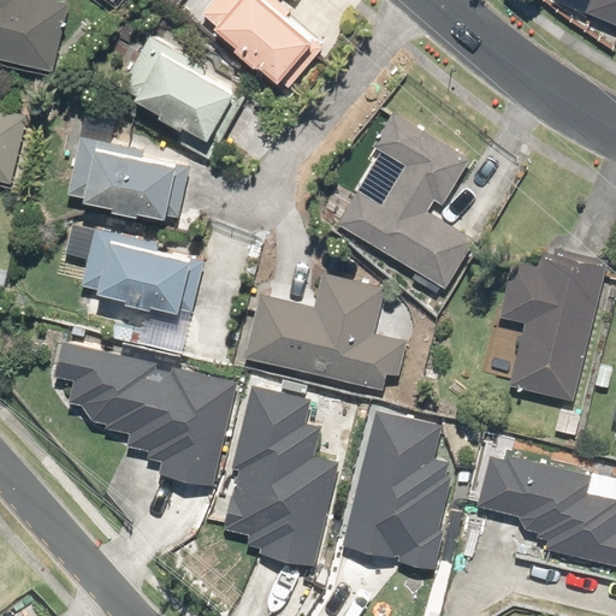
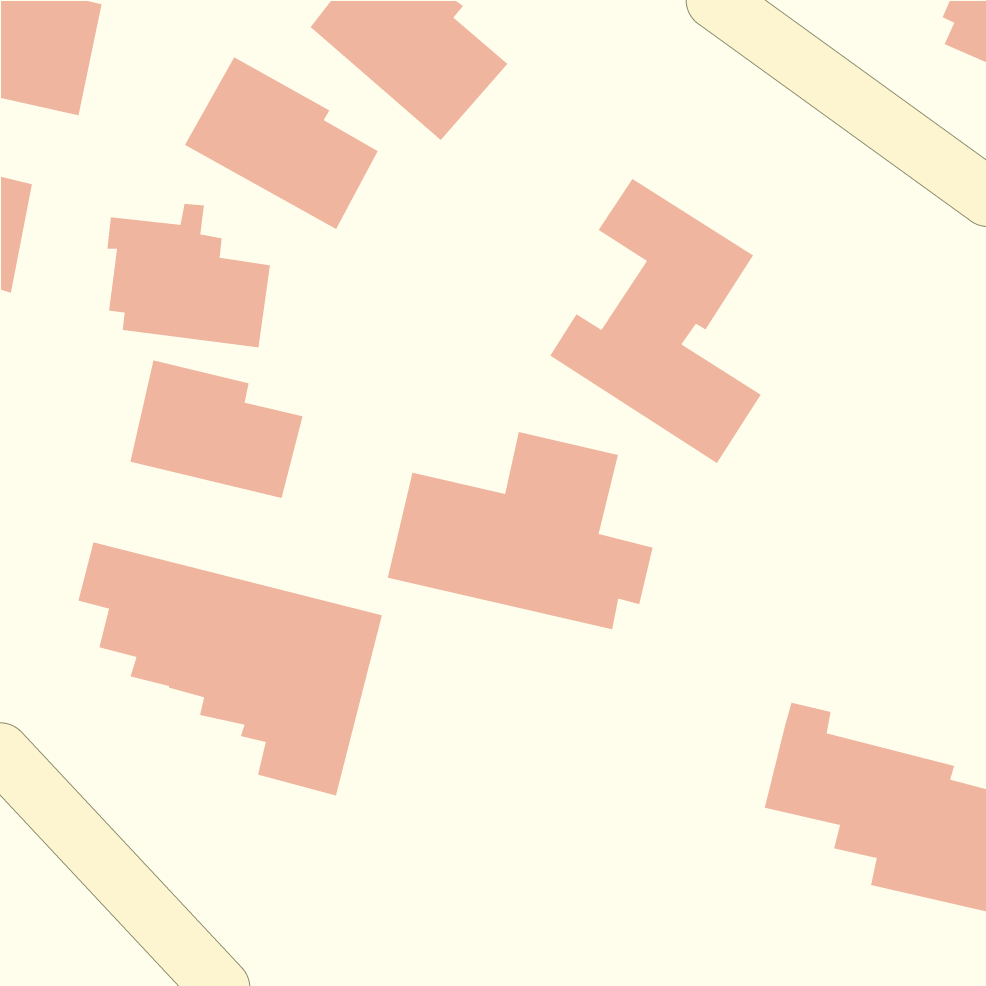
building: [502,254,609,403] -> none
building: [214,385,339,564] -> none
building: [337,408,452,575] -> none

